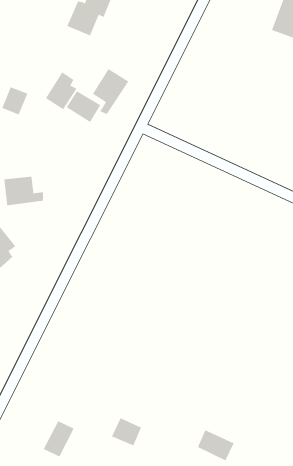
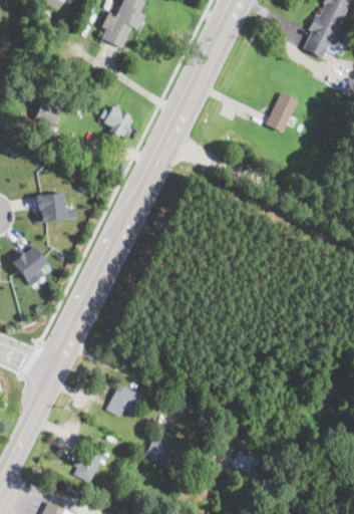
building: [92,68,129,115] -> none
building: [45,71,77,110] -> none
building: none -> [266,91,299,133]
building: none -> [106,383,144,417]

